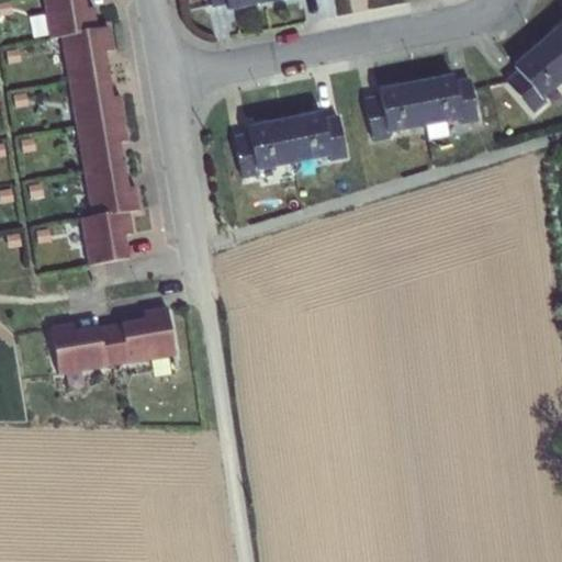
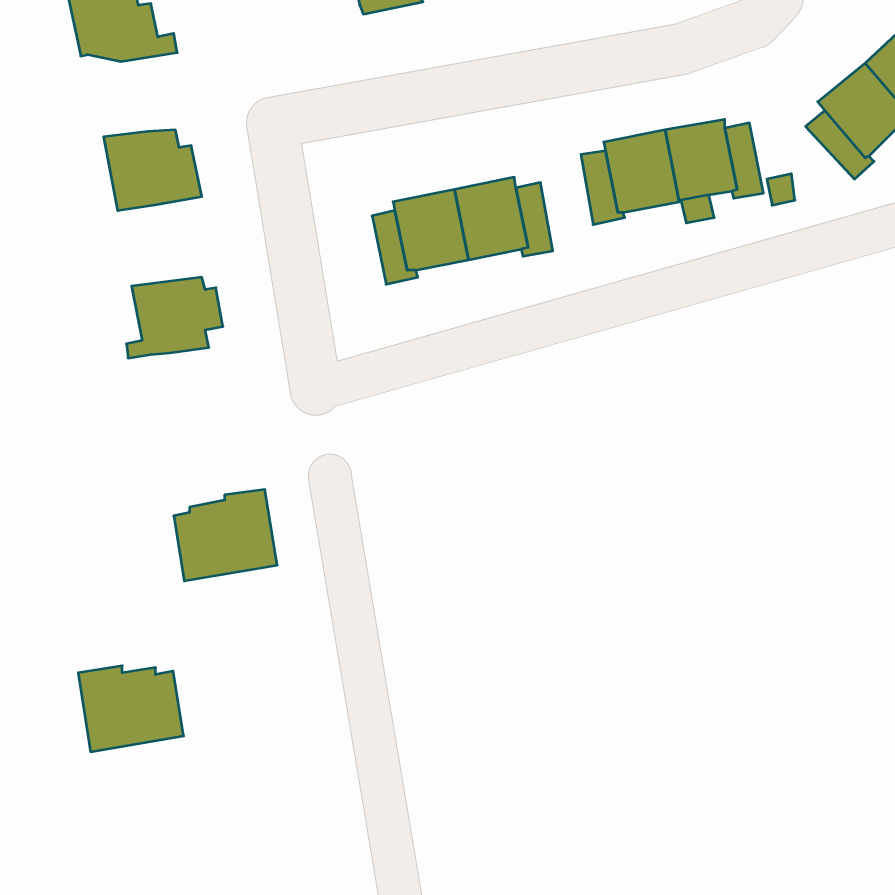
building: [56,33,115,86] -> none
building: [75,123,130,179] -> none
building: [81,217,133,262] -> none
building: [50,319,116,373] -> [78,666,184,752]

